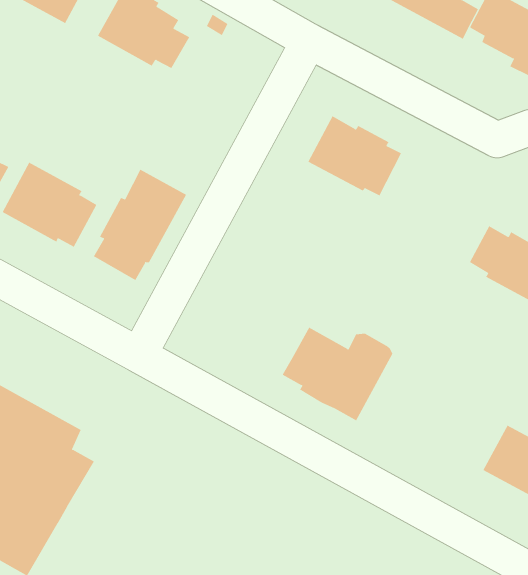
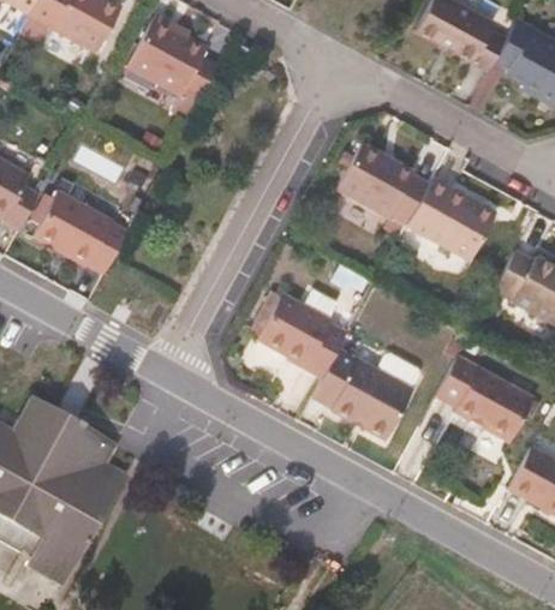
building: none -> [404,175,493,261]
building: [93,169,187,281] -> none
building: none -> [247,293,344,379]
building: none -> [434,354,531,441]

